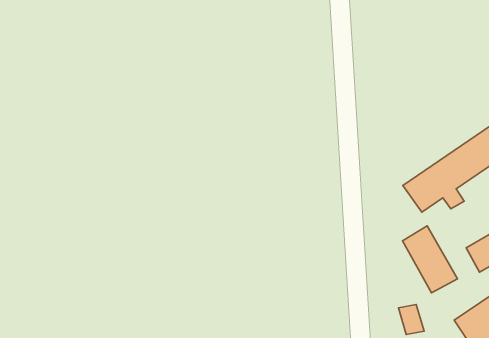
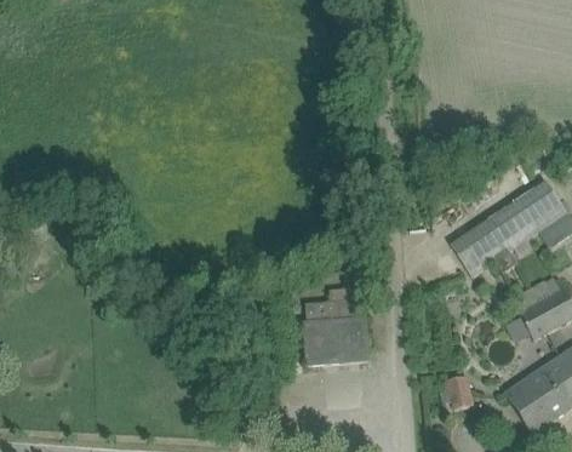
building: [402,226,457,293] -> none
building: none -> [303,301,367,364]

